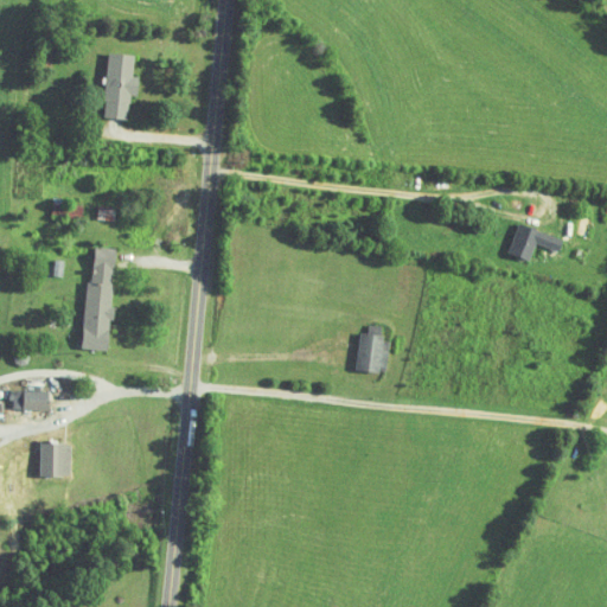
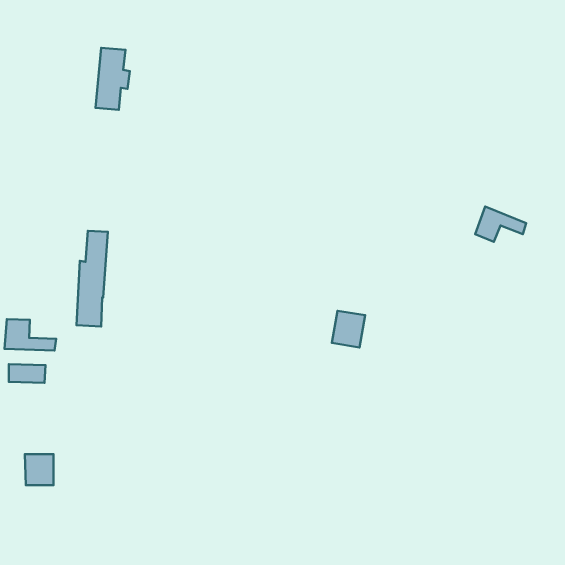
building: none -> [5,319,56,350]
building: [39,443,70,477] -> [25,454,54,485]

